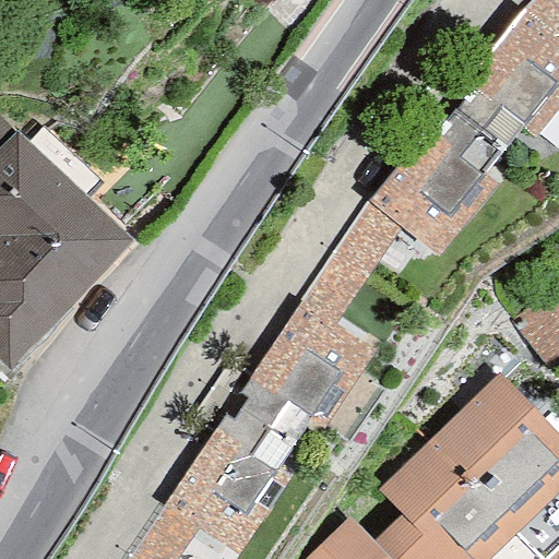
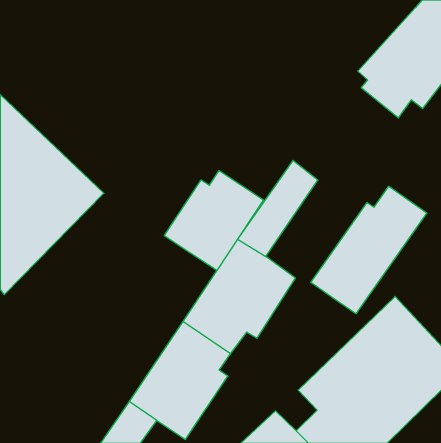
building: [371,110,504,257] -> none
building: none -> [164,171,263,270]
building: none -> [311,186,427,314]

